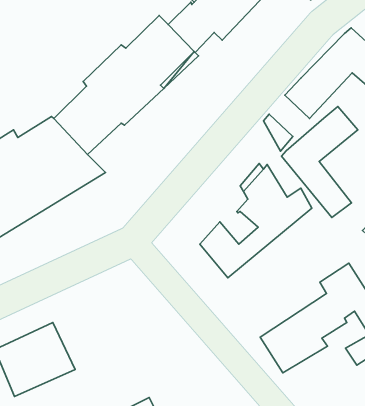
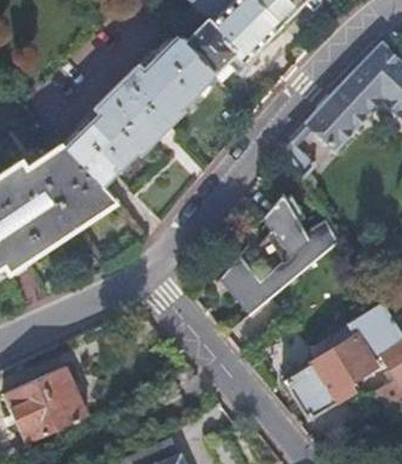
building: [281,106,358,218] -> none

